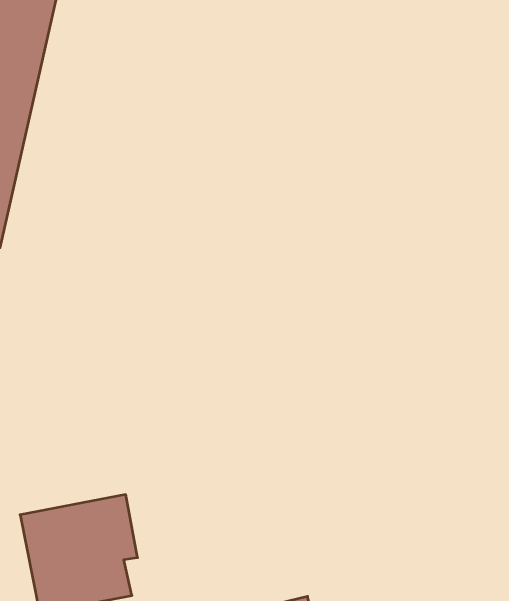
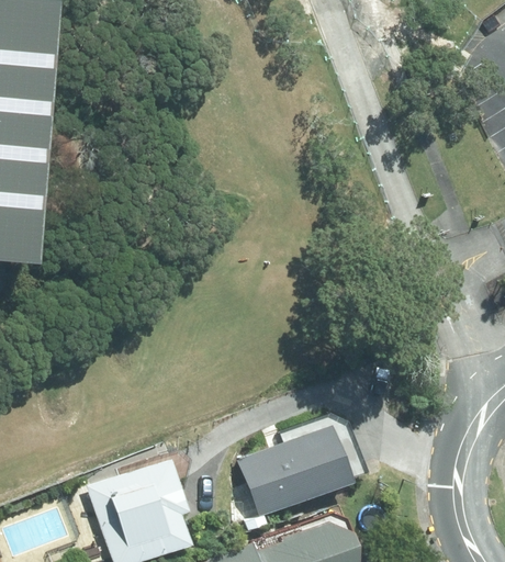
building: none -> [244,434,349,510]

